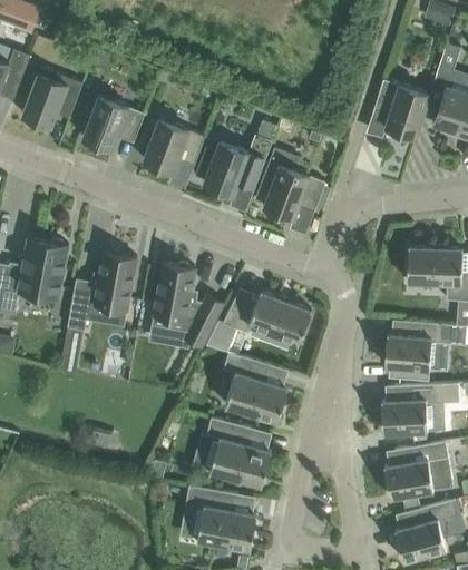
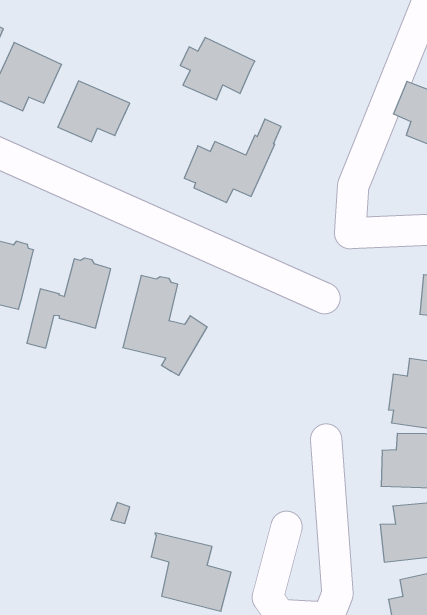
building: [139,120,204,174] -> [180,38,255,100]
building: [255,148,325,219] -> none
building: [222,293,311,345] -> none
building: [223,353,287,423] -> none
building: [206,419,271,487] -> none

